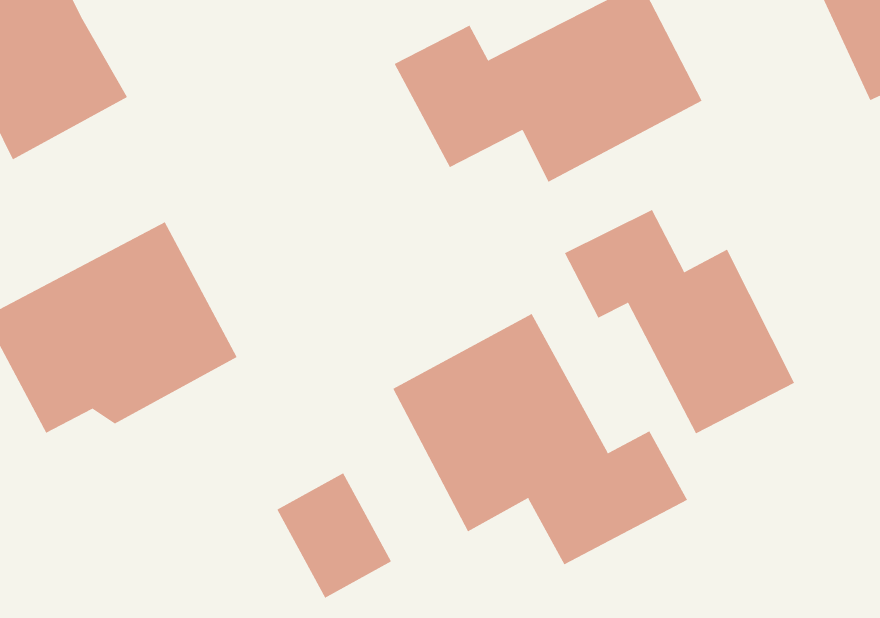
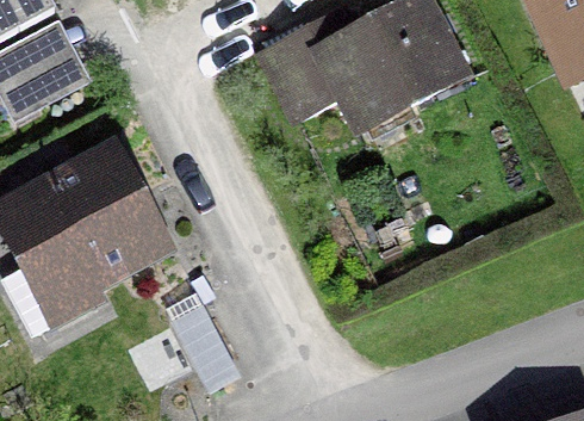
building: [564,209,795,434] -> none
building: [393,313,688,565] -> none

